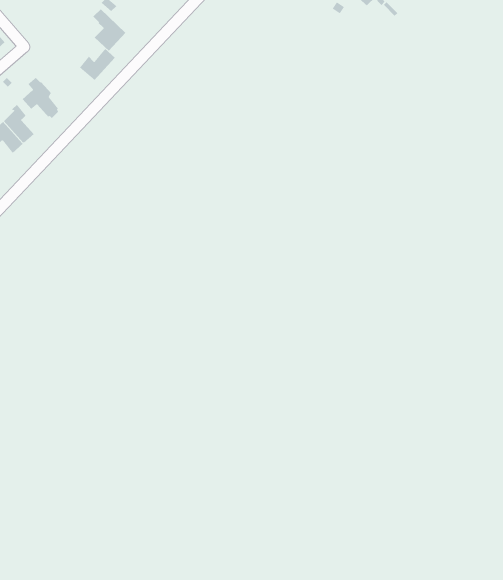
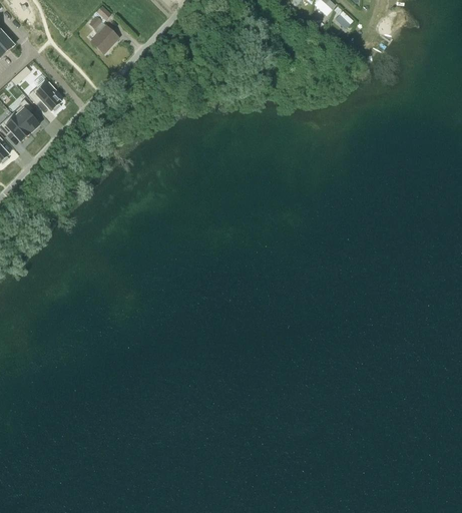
building: [79,48,116,81] -> none

